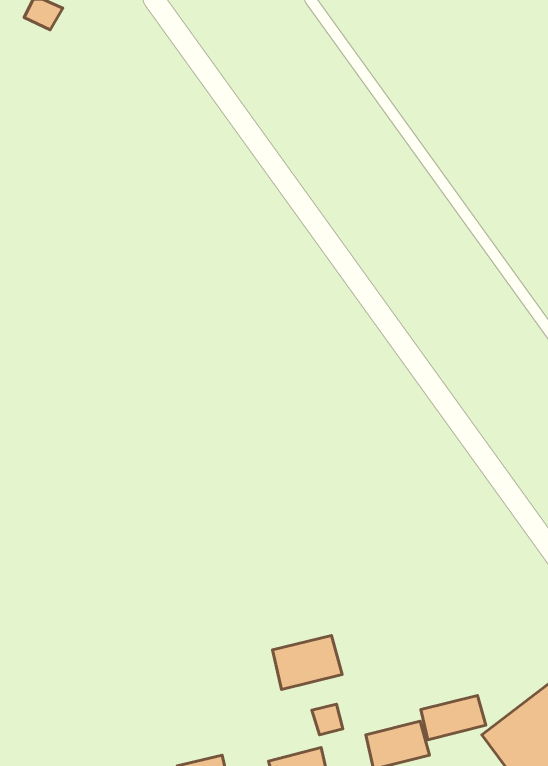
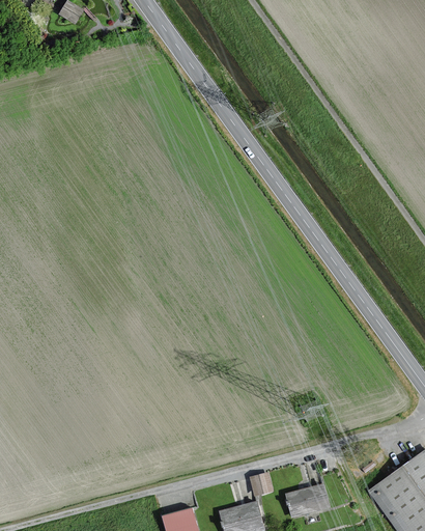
building: [273,636,342,690] -> none
building: [421,696,486,740] -> none

